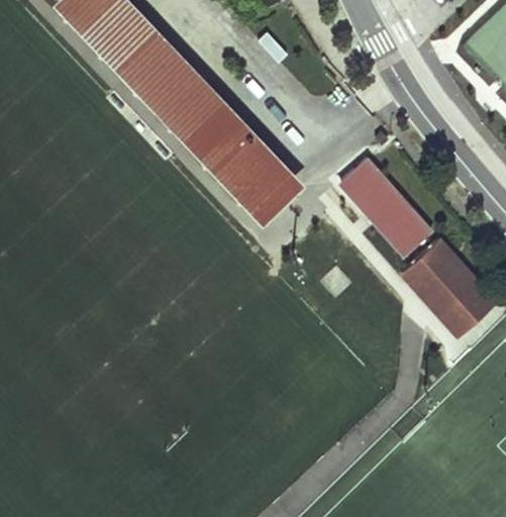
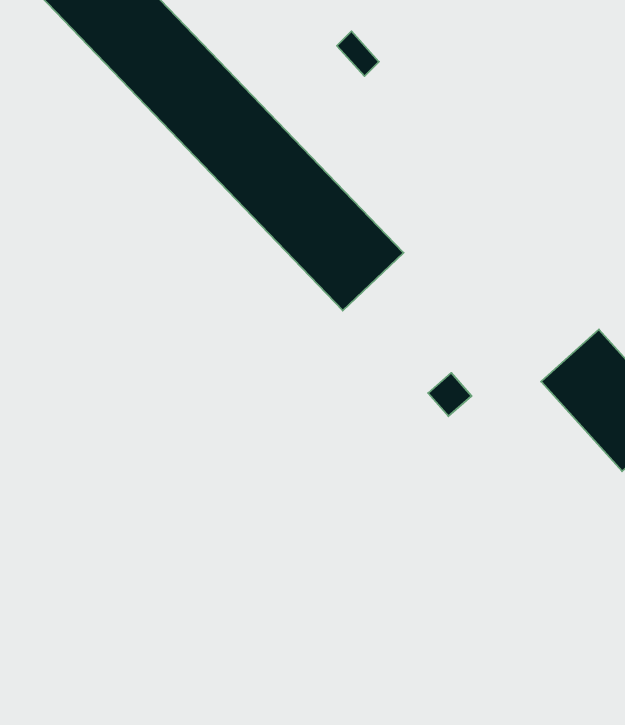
building: [336,158,433,258] -> none

